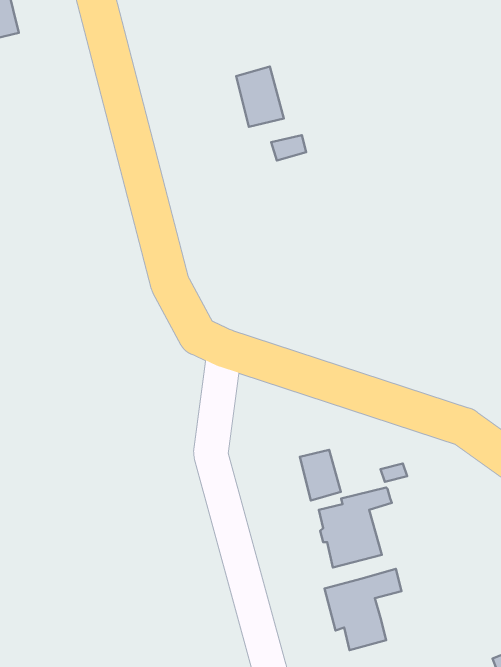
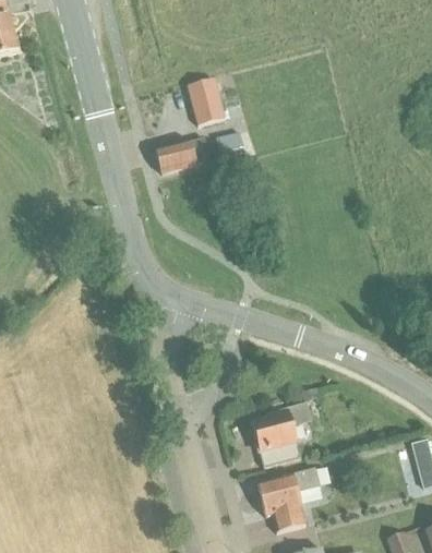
building: none -> [156,136,211,172]
building: [300,450,341,500] -> none

